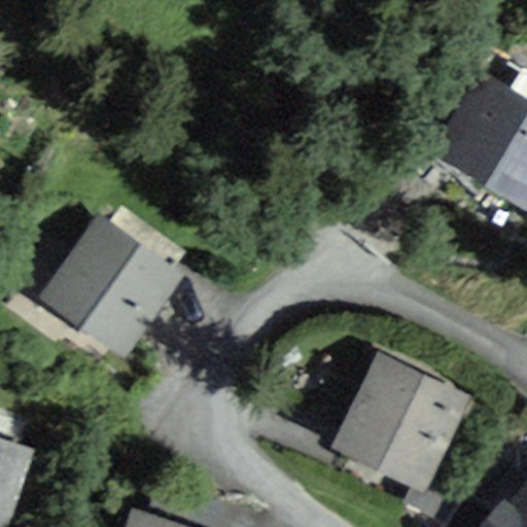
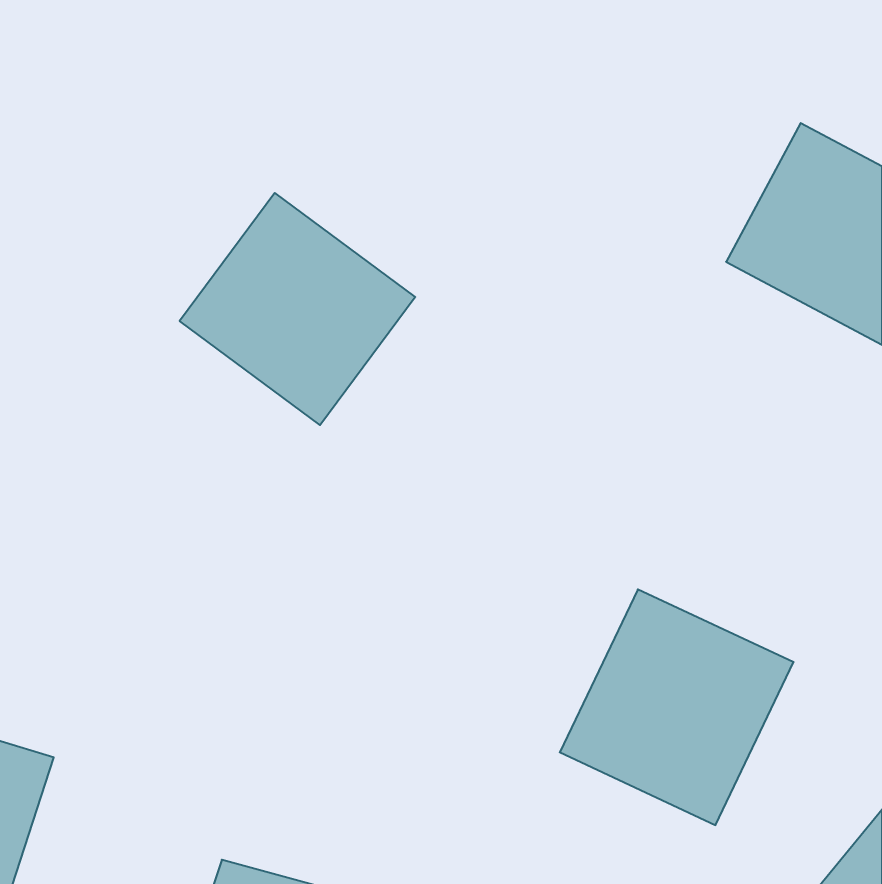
building: [44,215,184,353] -> [180,193,415,425]

